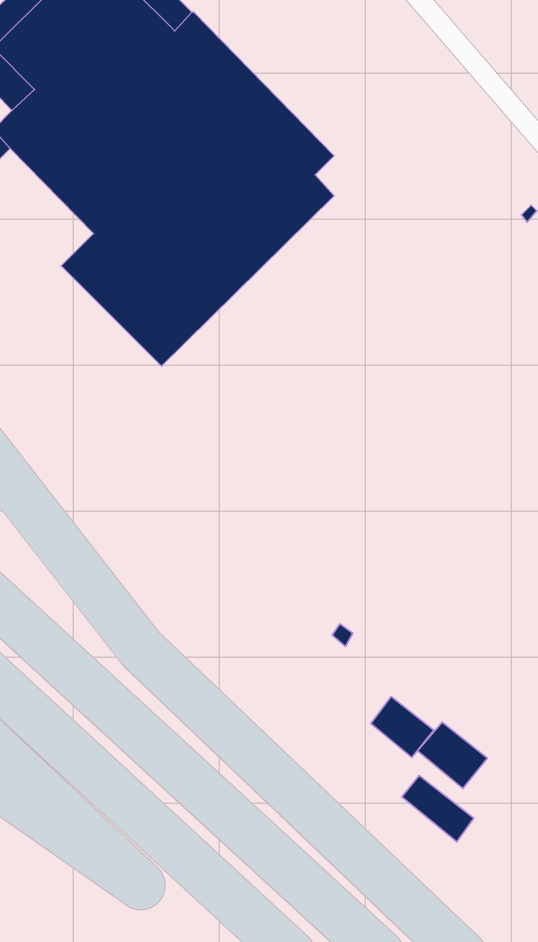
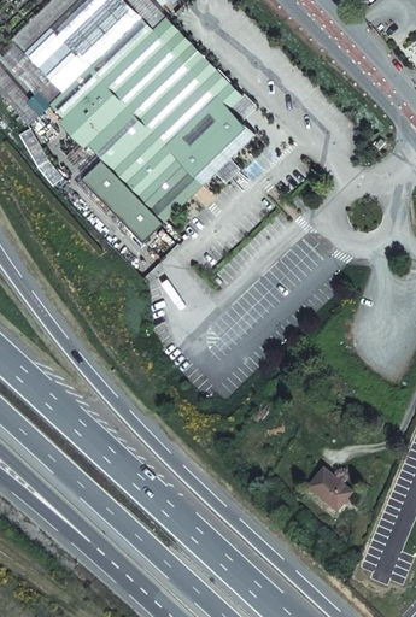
building: [371,696,434,758] -> none
building: [402,775,474,842] -> none

